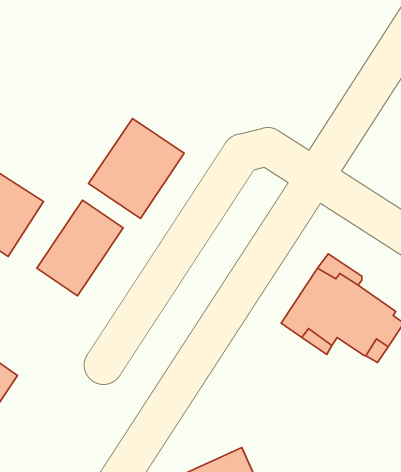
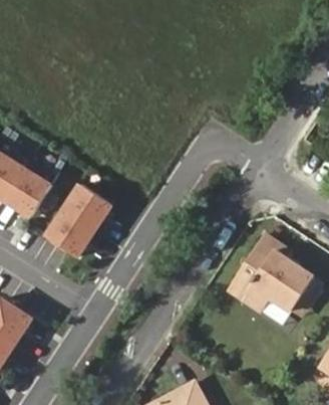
building: [89,118,184,218] -> none

